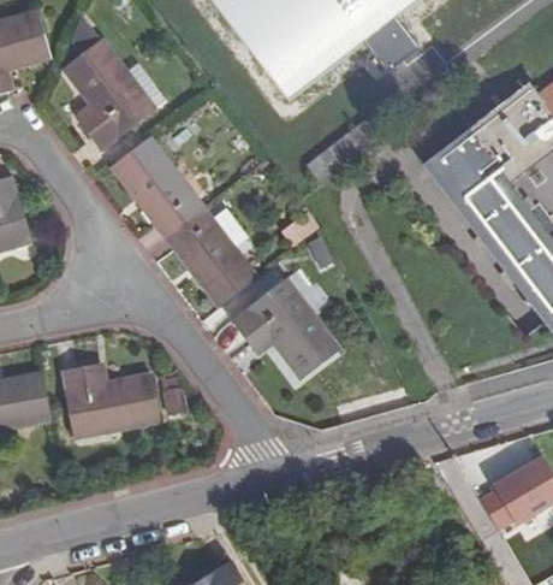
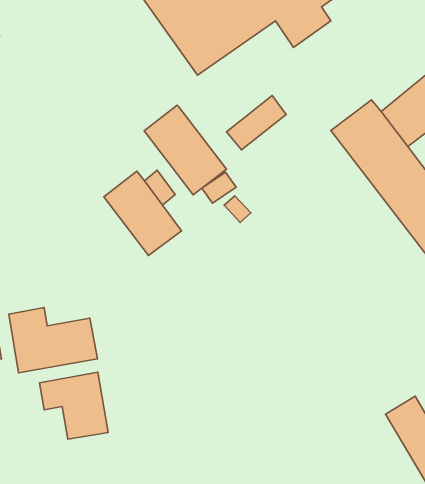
building: [64,37,153,148] -> none
building: [112,136,204,237] -> [144,105,226,195]
building: [231,278,338,376] -> none
building: none -> [40,372,108,439]

